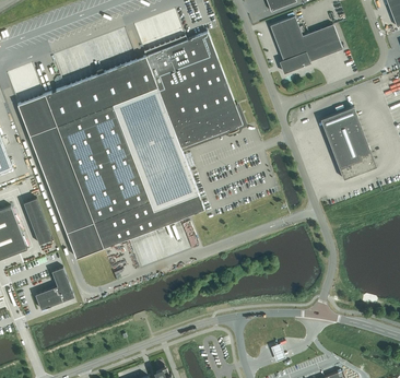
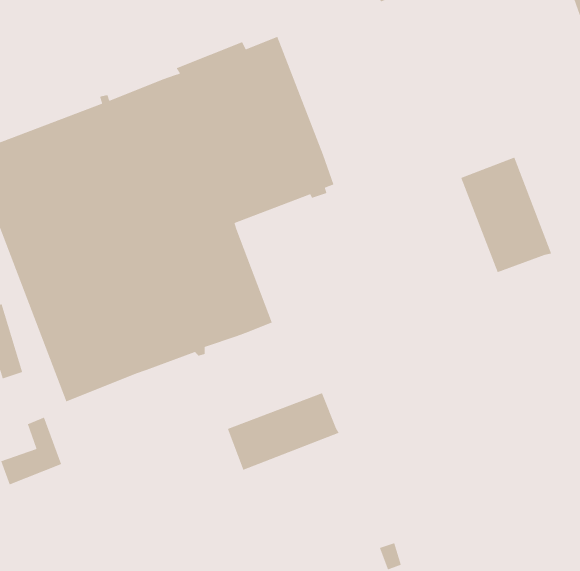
building: [269,16,342,74] -> none
building: none -> [227,392,340,471]

